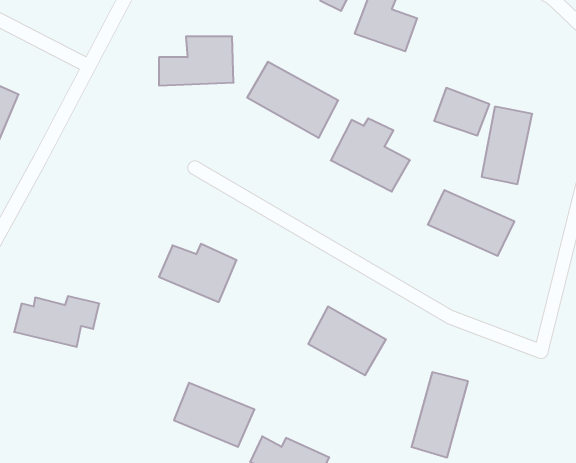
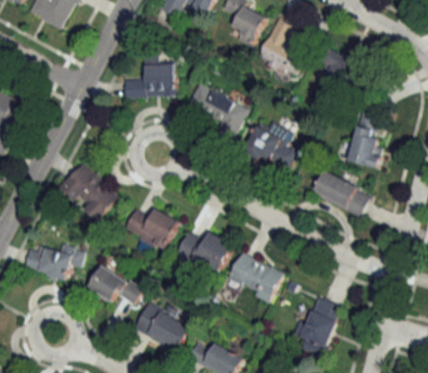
building: [434,88,489,136] -> [319,48,357,81]
building: none -> [59,162,118,221]
building: none -> [176,232,232,273]
building: none -> [86,263,141,304]

